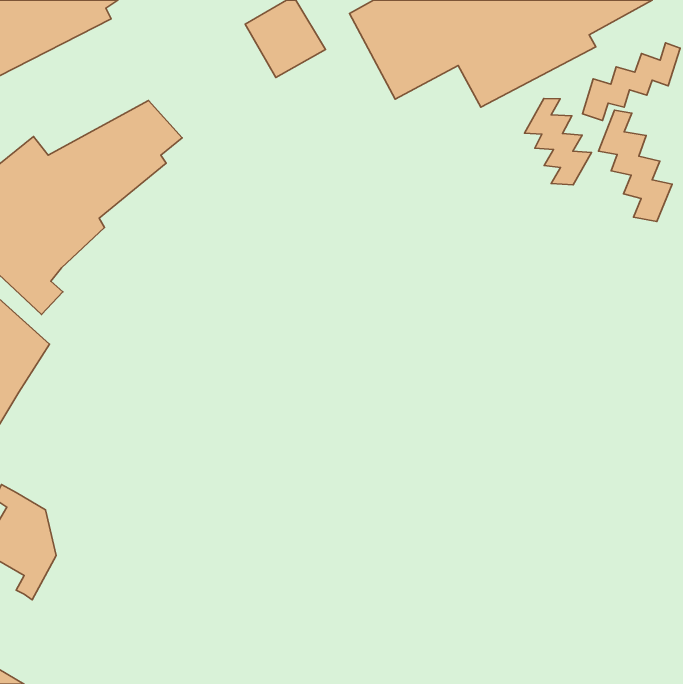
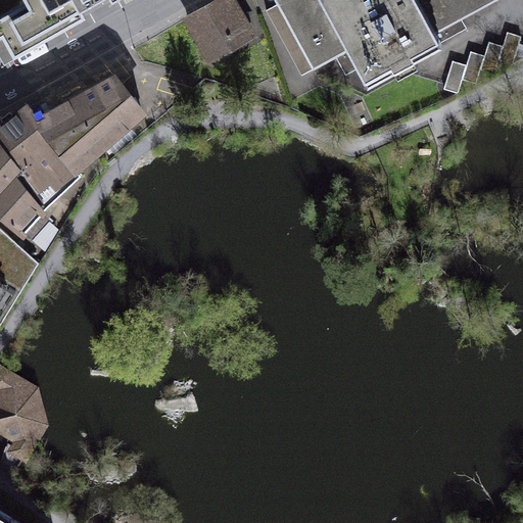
building: [525,98,591,185] -> none
building: [598,110,672,222] -> none

